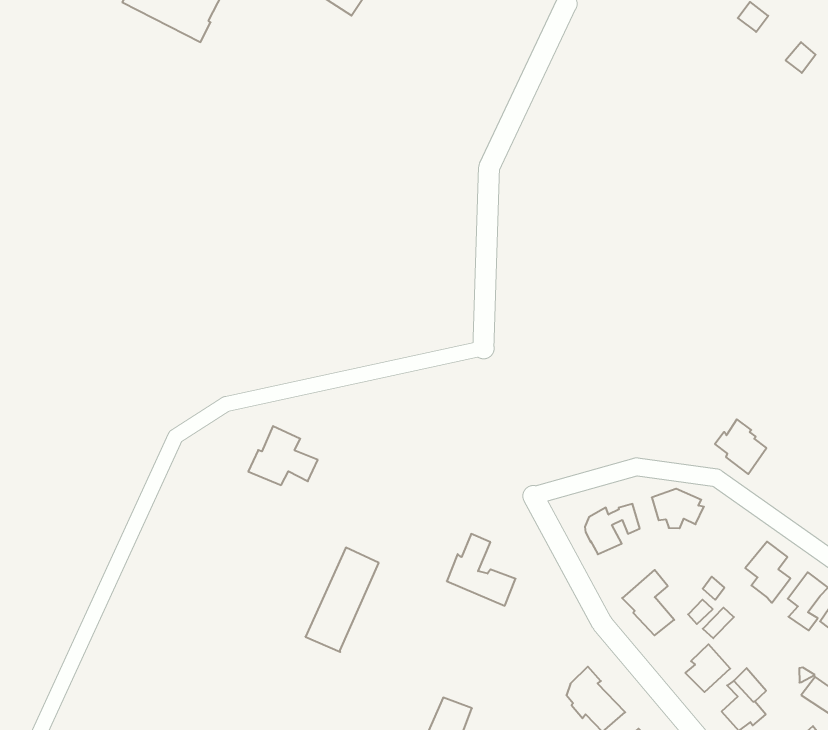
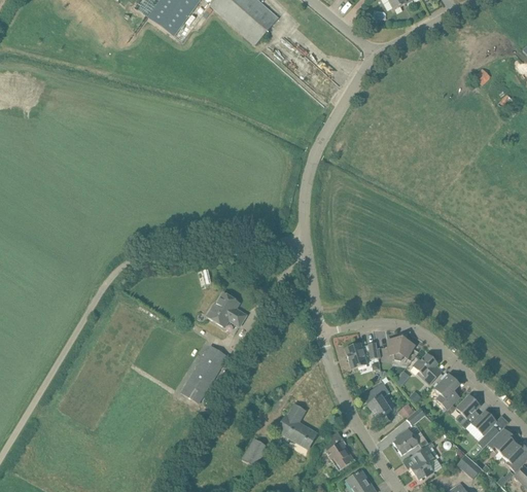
building: [715,419,766,474] -> [413,352,442,384]
building: [248,426,318,485] -> [206,291,246,325]
building: [447,534,516,606] -> [277,403,316,447]

